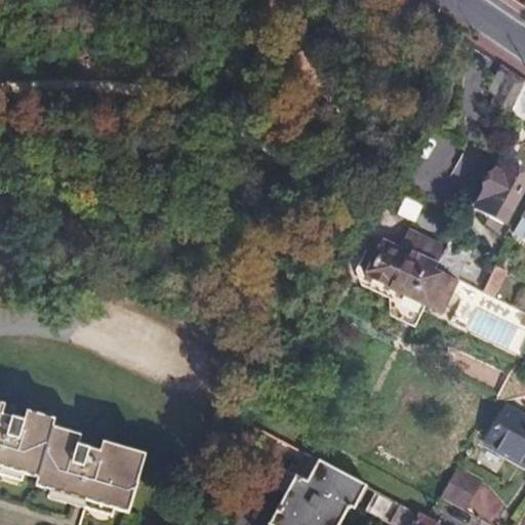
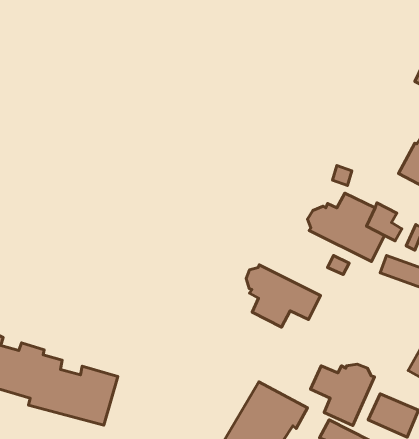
building: none -> [246,265,320,327]
building: none -> [310,364,374,425]

